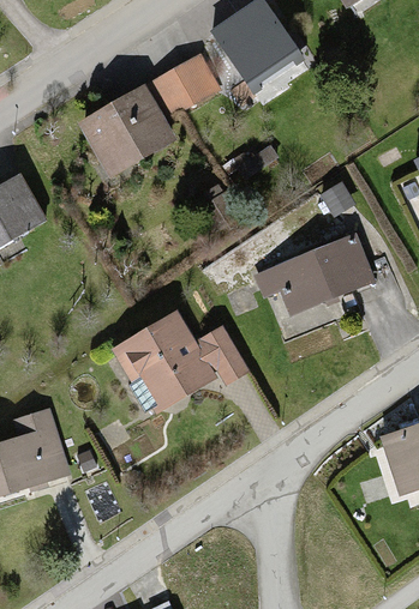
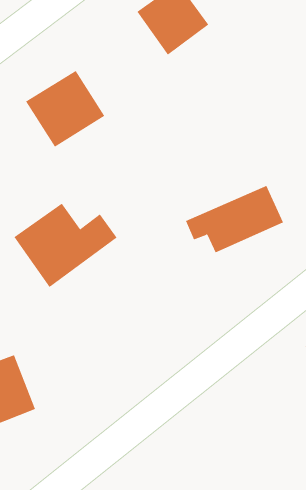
building: [149,48,221,113] -> none
building: [119,310,239,408] -> [13,203,117,288]

